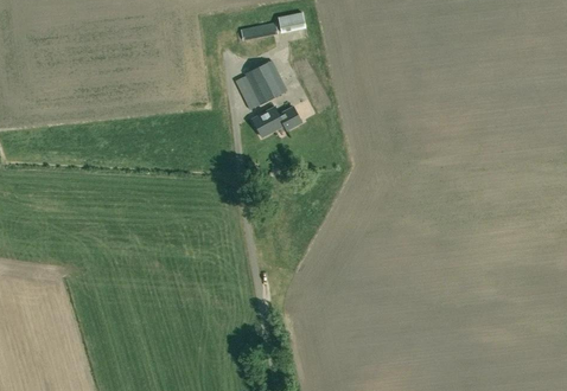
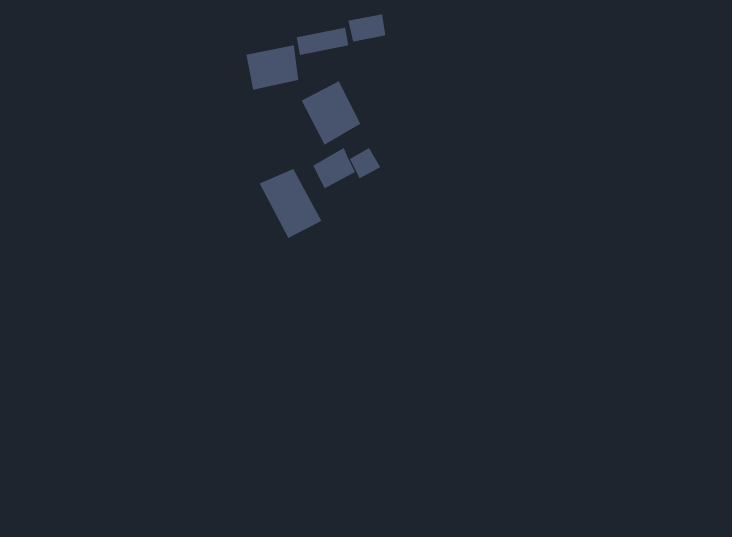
building: none -> [246,45,299,90]
building: none -> [259,168,322,239]

